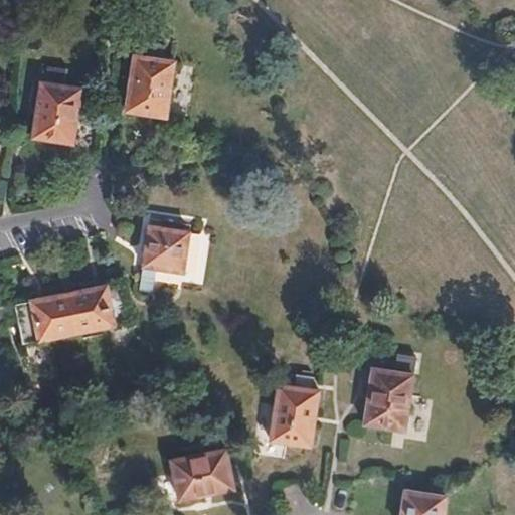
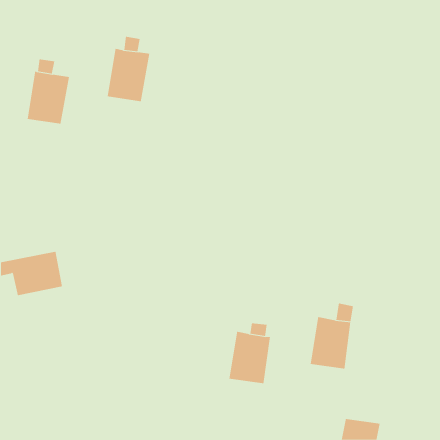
building: [138,226,188,287] -> none
building: [66,283,129,334] -> none
building: [170,450,233,500] -> none

